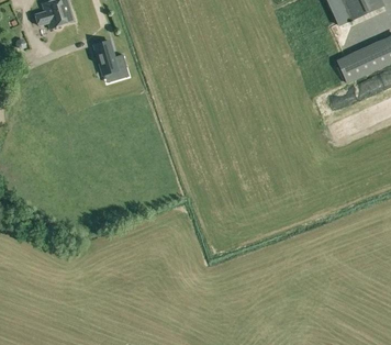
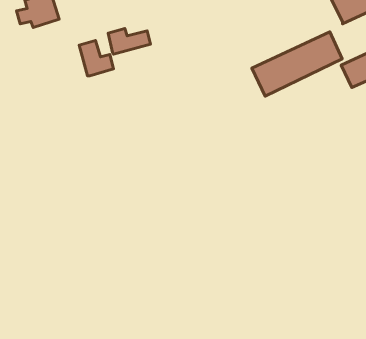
building: none -> [108,28,150,54]
building: none -> [252,32,342,96]

